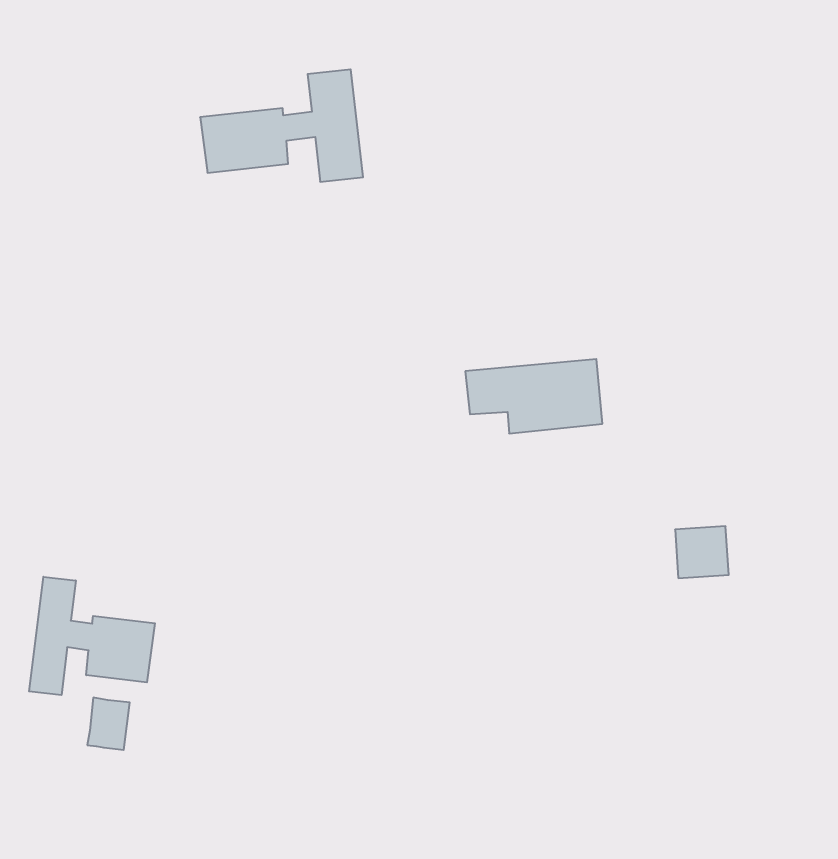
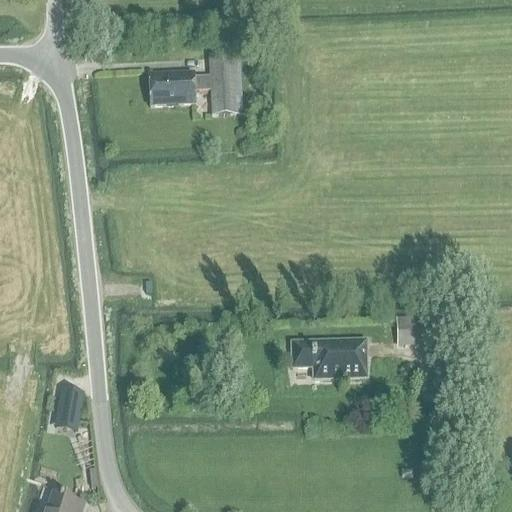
building: [465,359,602,433] -> [293,338,367,376]
building: [29,577,155,695] -> none

